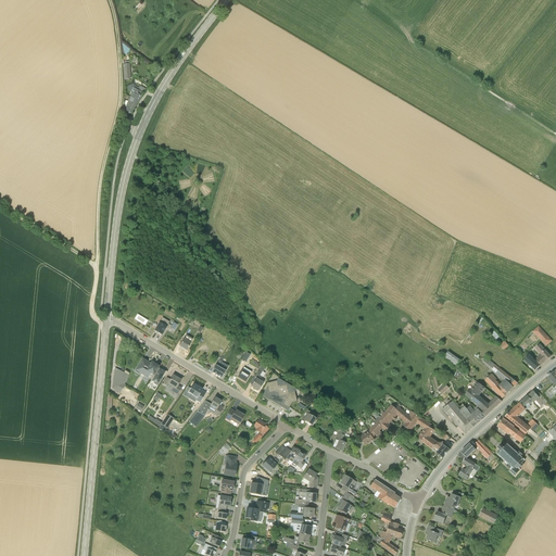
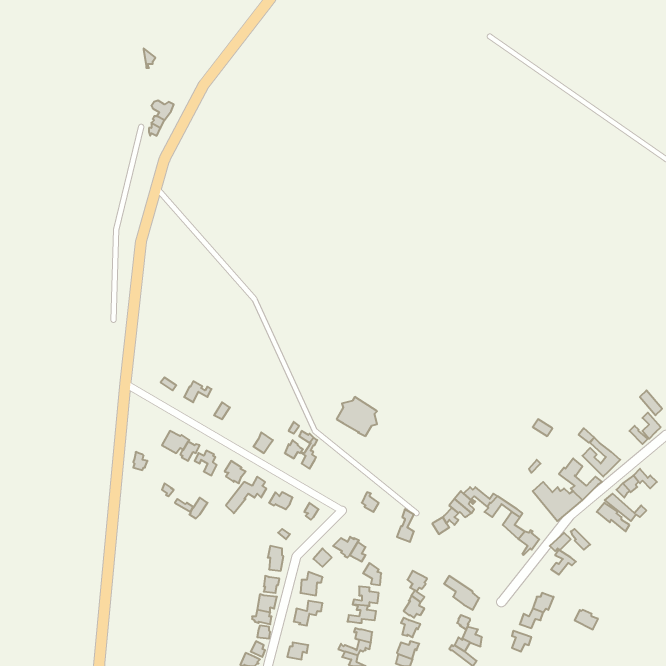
building: [262,377,295,409] -> [337,397,377,436]
building: [496,443,523,475] -> none

